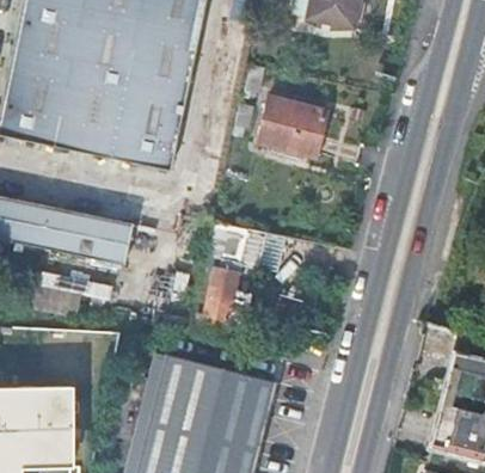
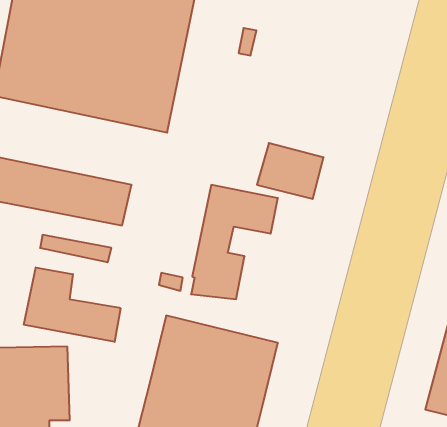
building: [256,100,323,156] -> [257,143,324,199]
building: none -> [24,267,121,342]

